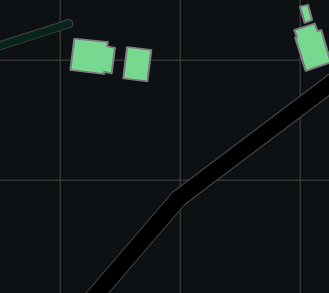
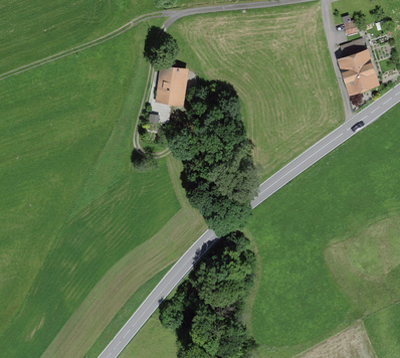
building: [70,39,115,74] -> none

